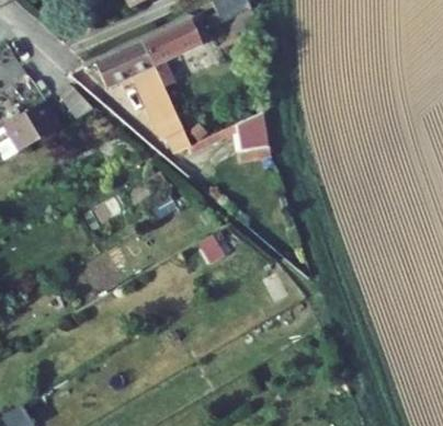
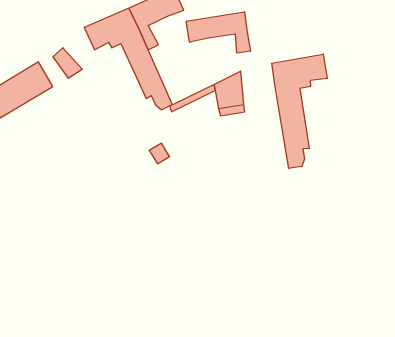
building: none -> [186,12,250,53]
building: none -> [272,54,327,169]

